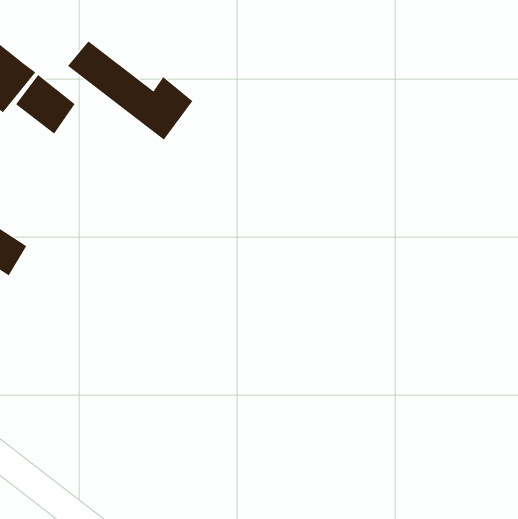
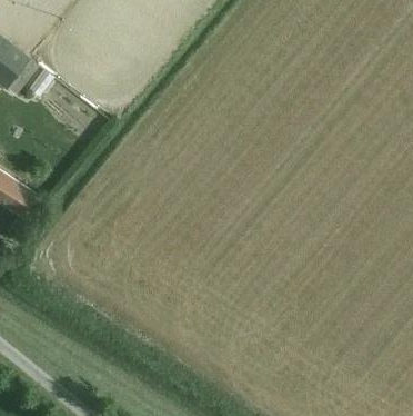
building: [67,41,193,140] -> none

